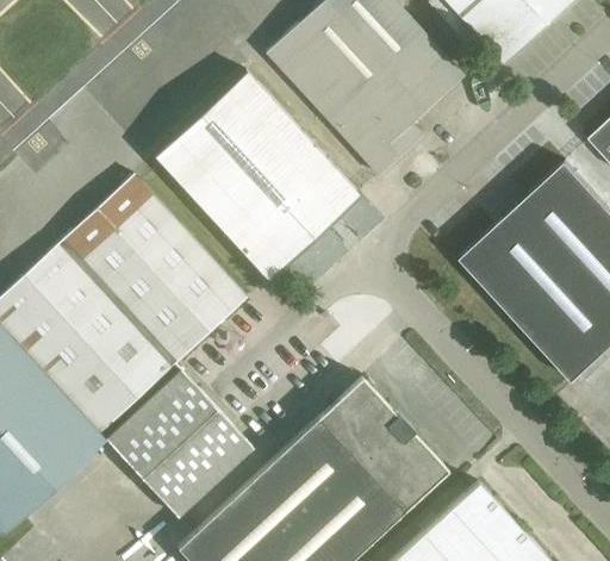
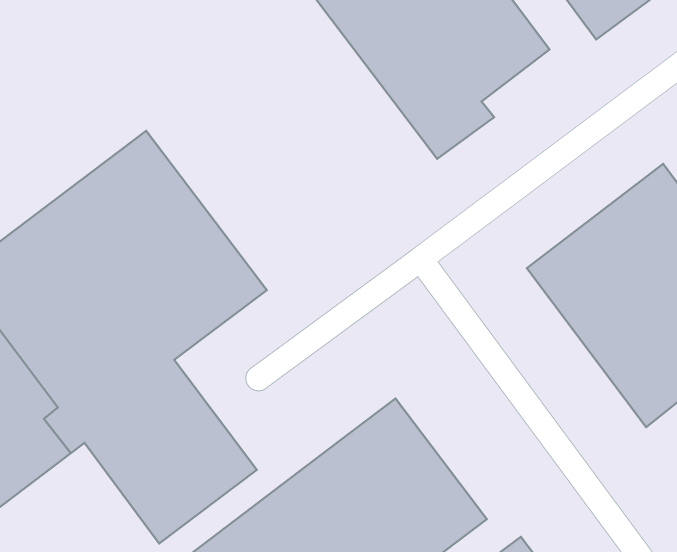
building: [155,71,359,279] -> none

